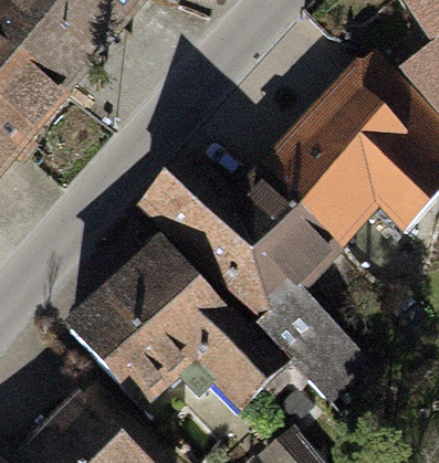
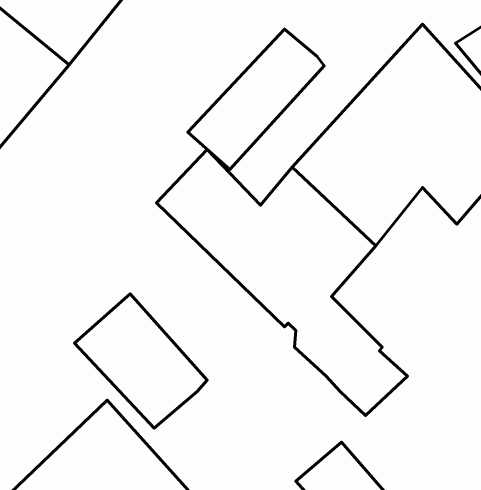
building: none -> [188,29,324,170]
building: [118,251,290,411] -> none

